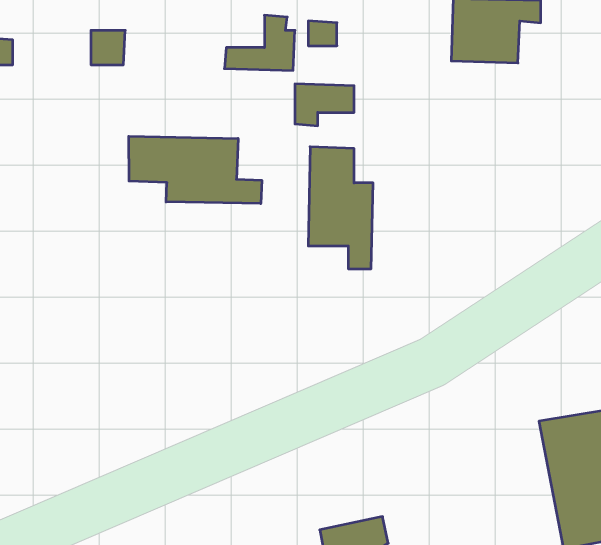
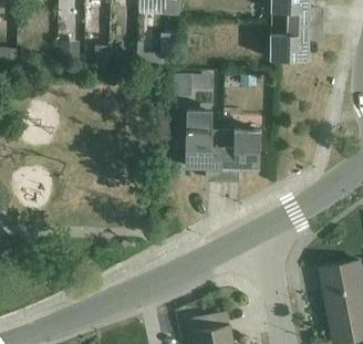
building: [129,136,262,204] -> none
building: none -> [222,129,260,179]

